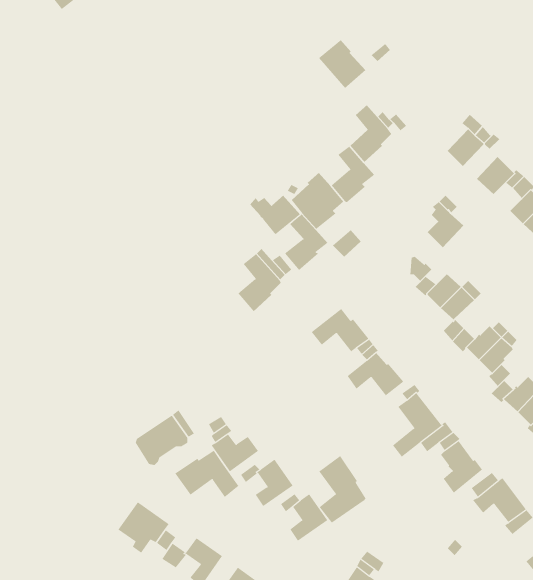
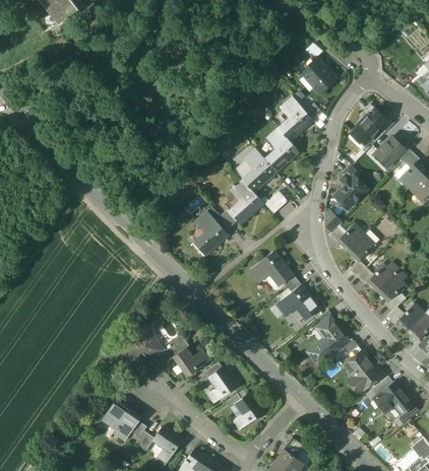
building: [318,39,366,89] -> [300,57,336,94]
building: [250,195,301,235] -> none
building: [174,450,239,498] -> none
building: [318,455,366,524] -> none

